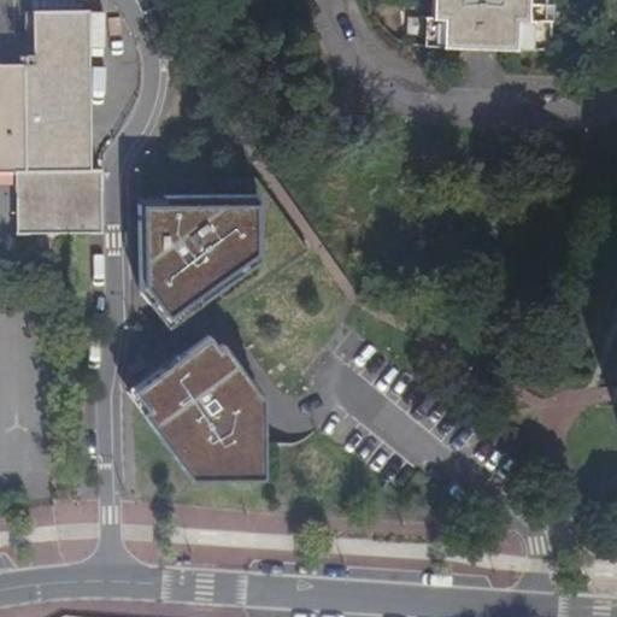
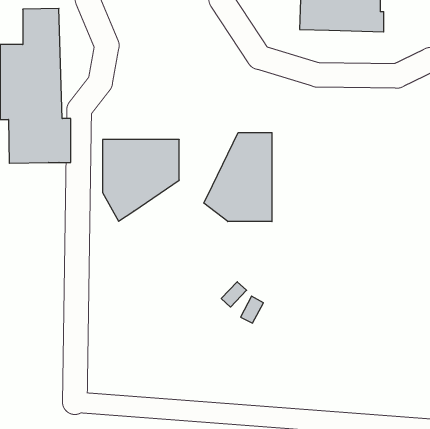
building: none -> [204,133,272,222]
building: [131,331,259,477] -> none

